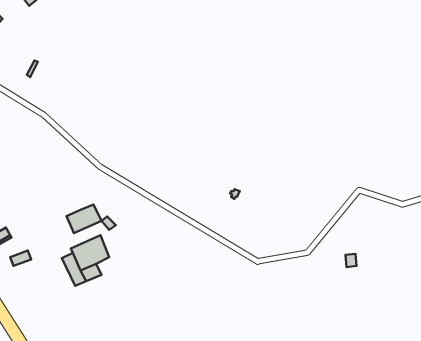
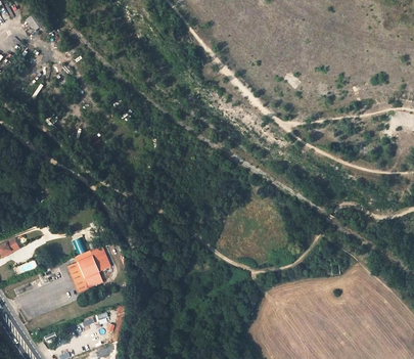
building: [66,205,102,233] -> none

